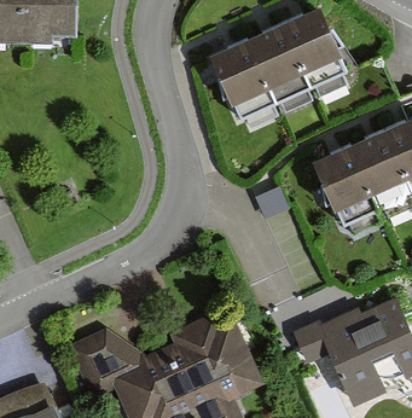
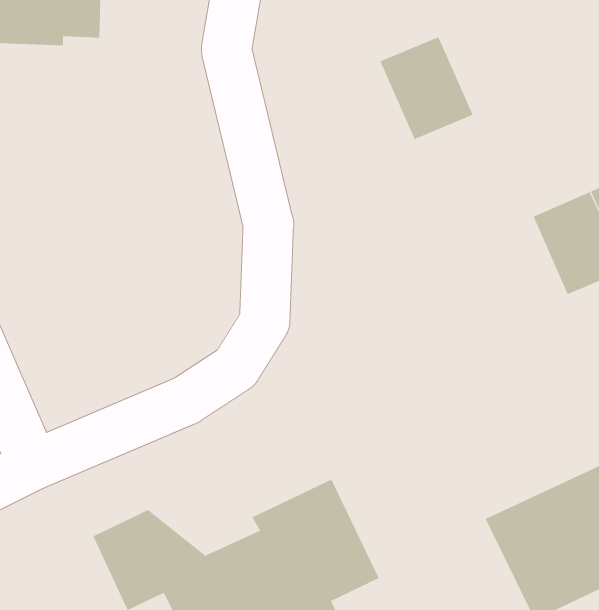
building: [288,17,346,83] -> none
building: [213,50,272,116] -> none
building: [309,147,369,214] -> none

